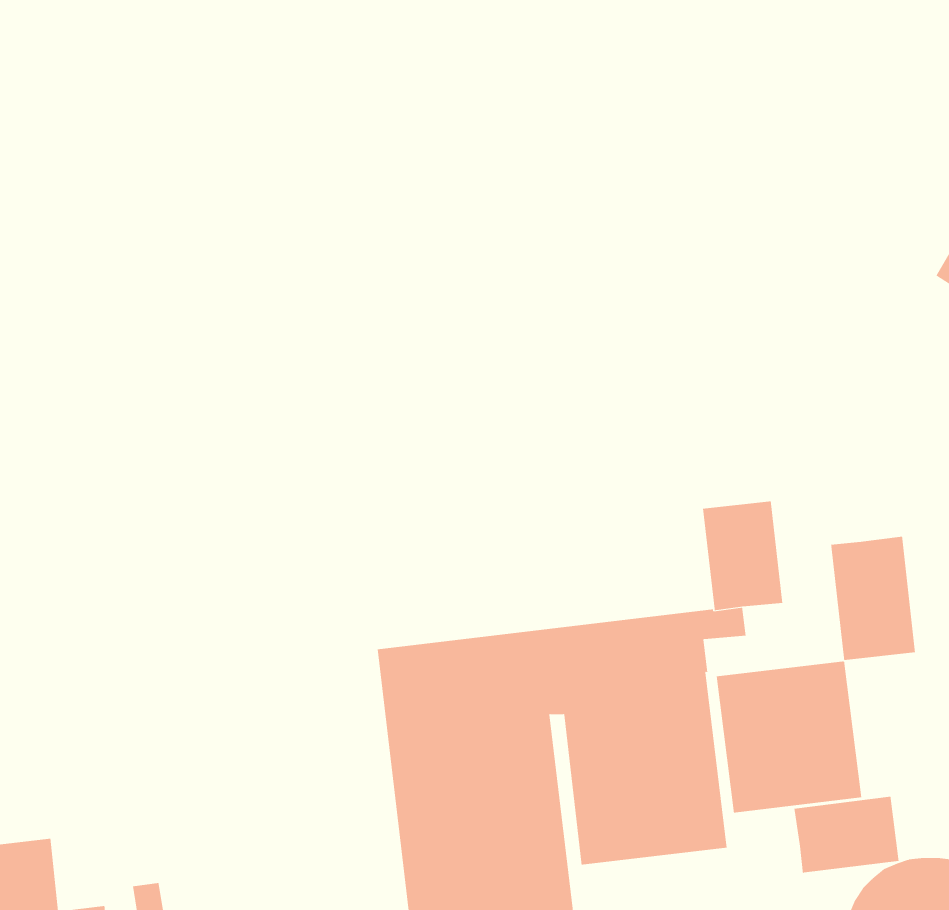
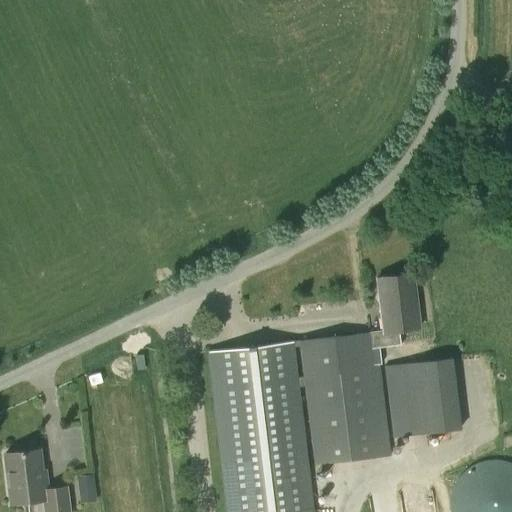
building: [830,536,916,661] -> none
building: [794,796,899,874] -> none

